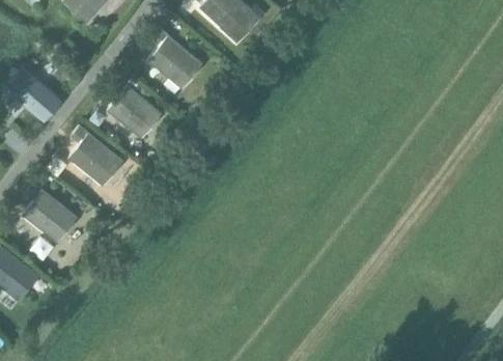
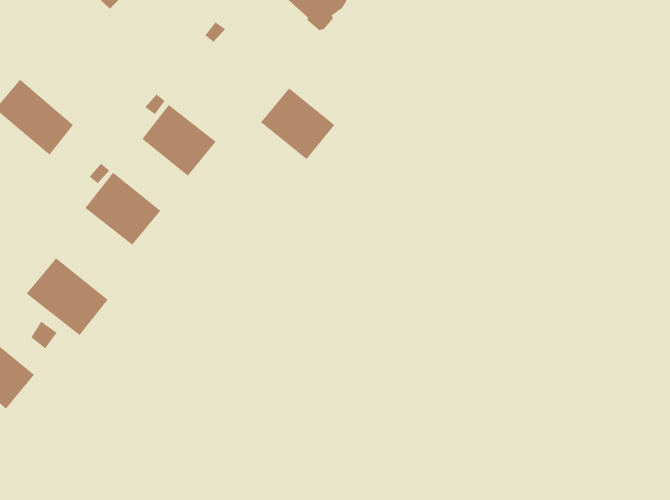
building: [148,37,200,87] -> [260,88,335,160]

